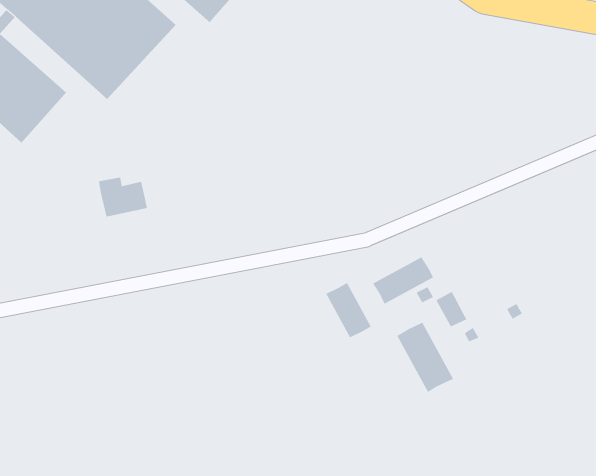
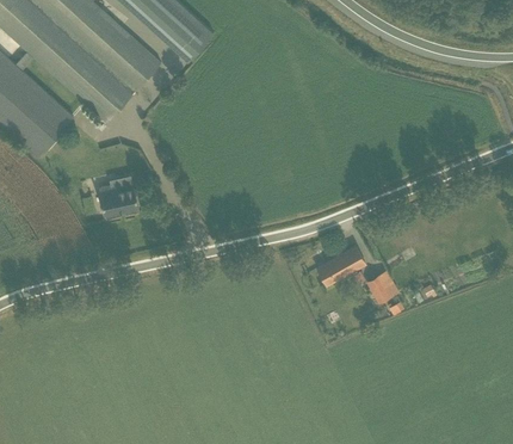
building: [326,282,372,338] -> none
building: [397,322,454,393] -> none

